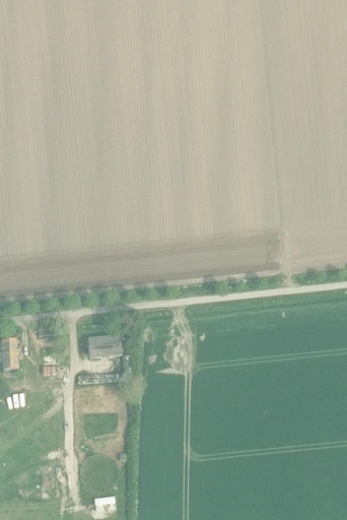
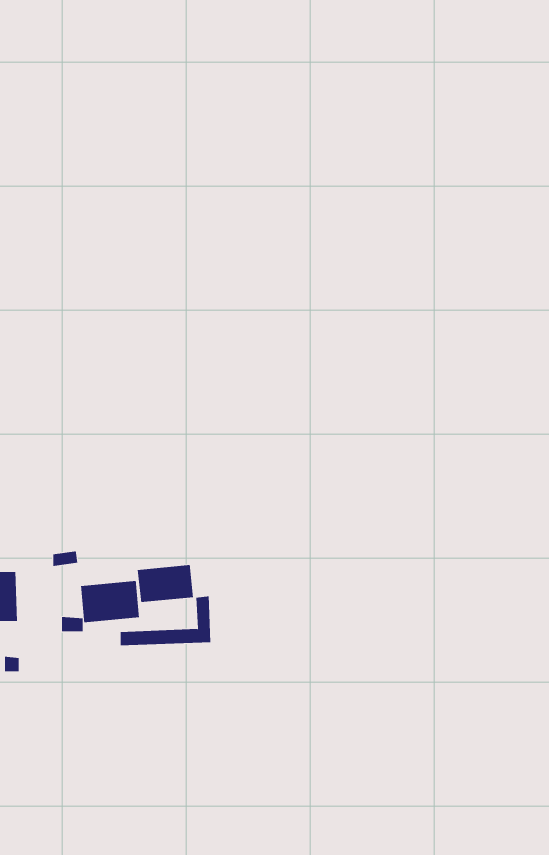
building: none -> [81,580,140,623]

